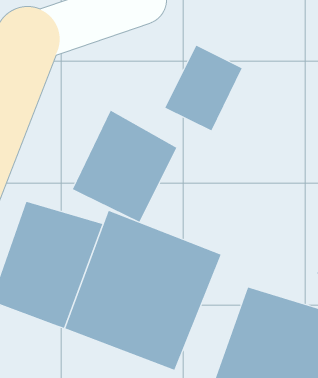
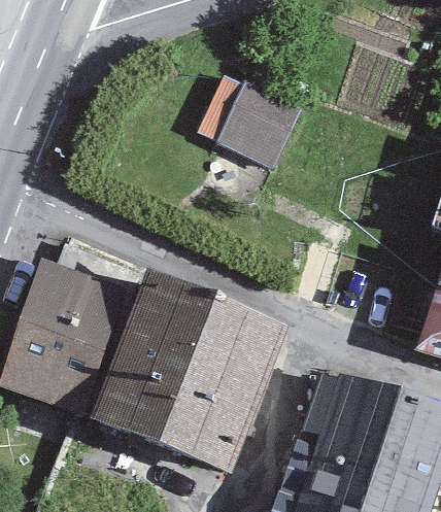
building: [72,110,177,222] -> none

